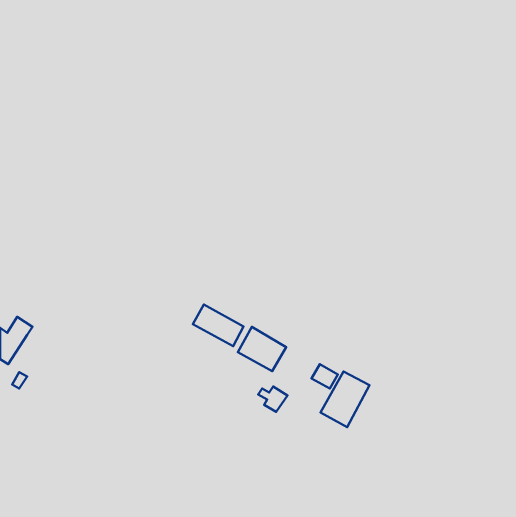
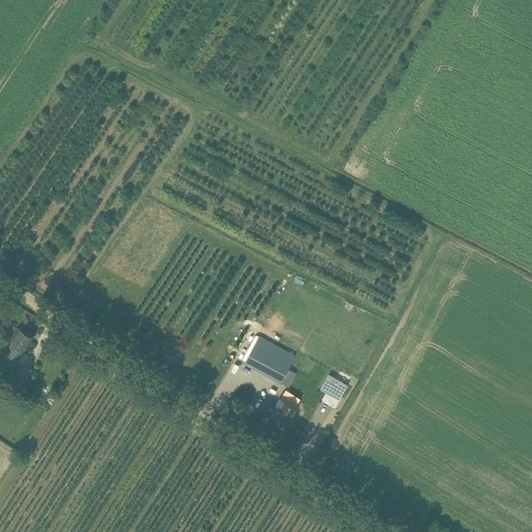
building: [193,304,243,346] -> none
building: [321,372,369,427] -> none

